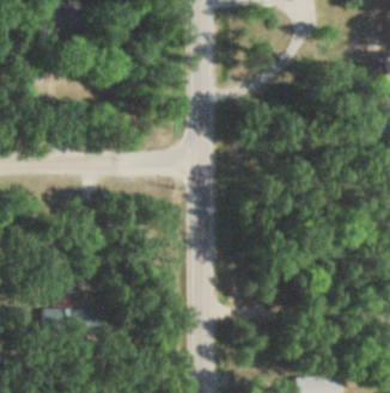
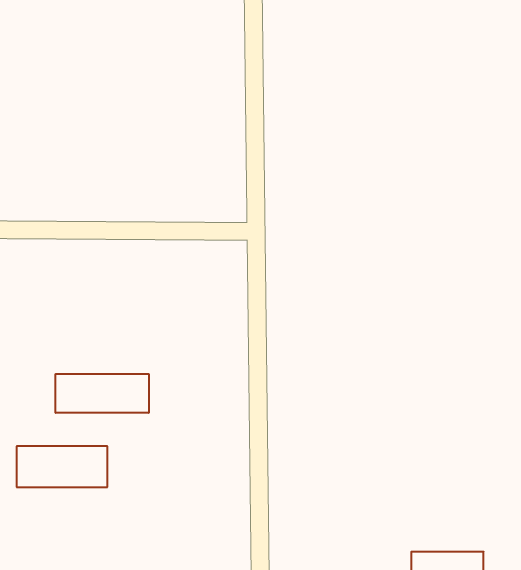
building: none -> [56,374,149,413]

